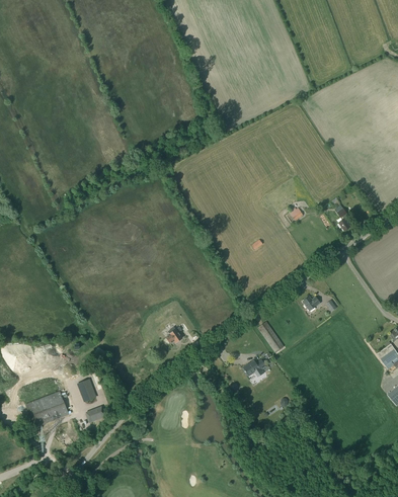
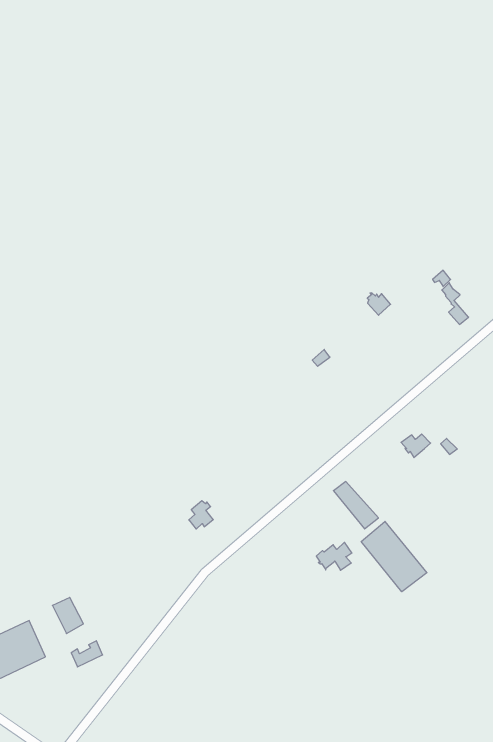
building: none -> [361,521,427,592]

